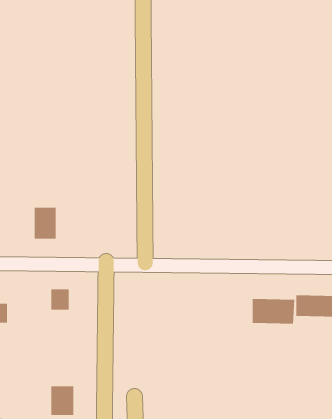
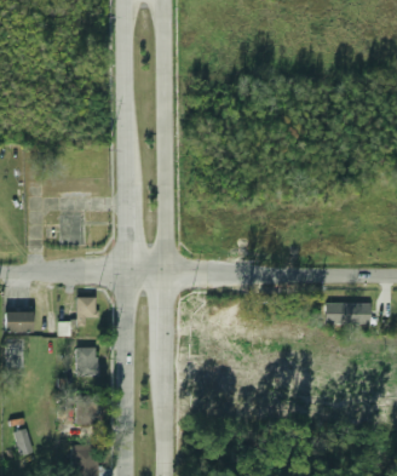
building: [252,298,295,325] -> none
building: none -> [76,348,97,378]

